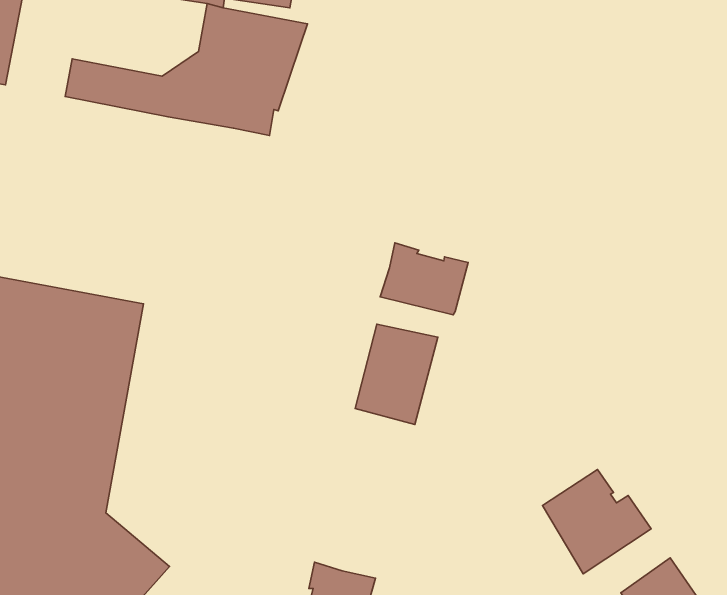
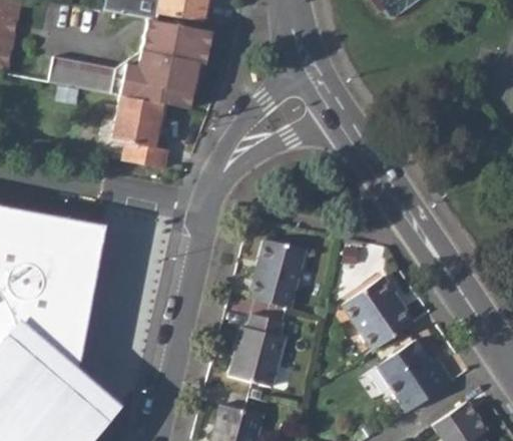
building: none -> [110,95,167,167]
building: [380,243,468,315] -> none
building: none -> [342,276,414,350]
building: none -> [228,313,286,386]

